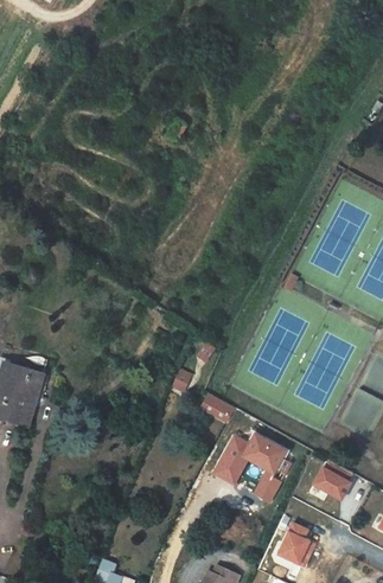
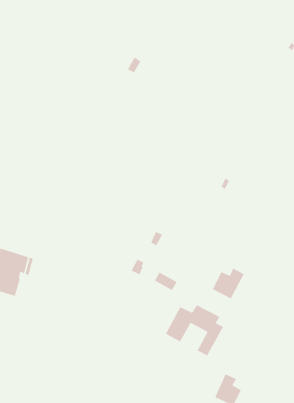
building: none -> [212,267,245,299]
building: [312,461,351,500] -> none

